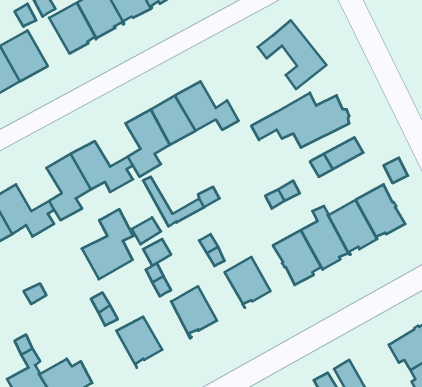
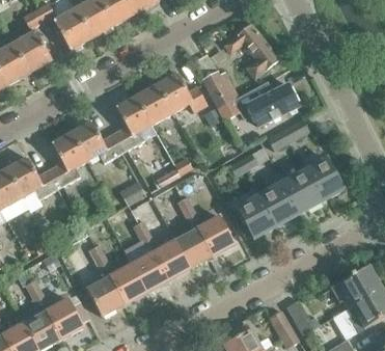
building: none -> [201,72,239,109]
building: [82,209,133,279] -> none
building: none -> [174,228,213,268]
building: none -> [130,252,168,292]
building: none -> [86,276,125,317]

